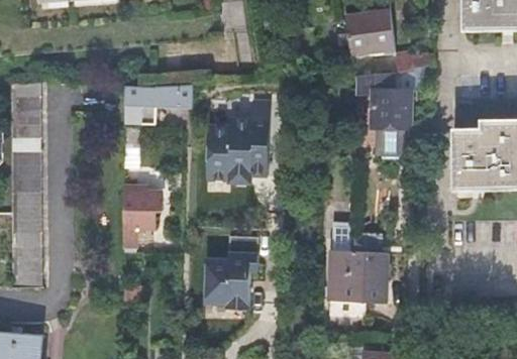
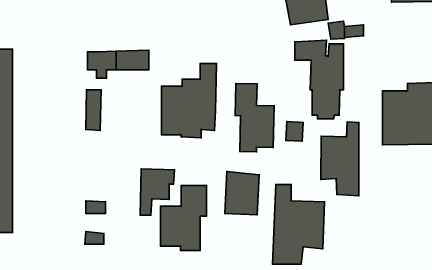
building: none -> [235,84,274,152]
building: none -> [321,122,359,196]
building: [123,193,162,244] -> [140,169,174,215]
building: none -> [225,172,259,215]

